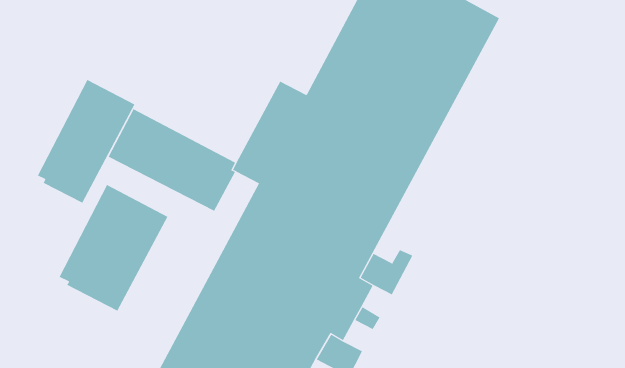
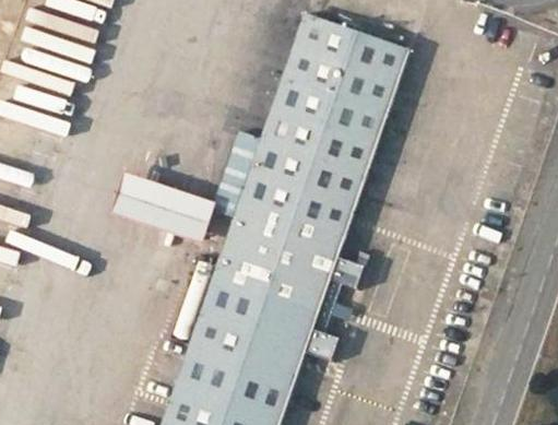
building: [37,79,135,203] -> none
building: [59,184,168,311] -> none

